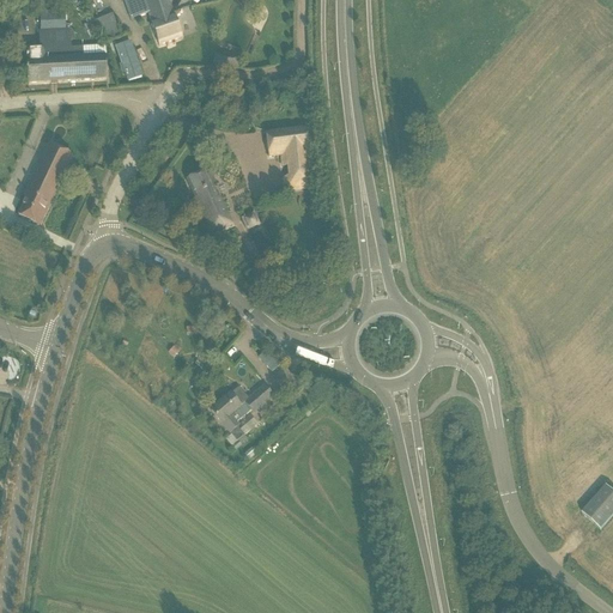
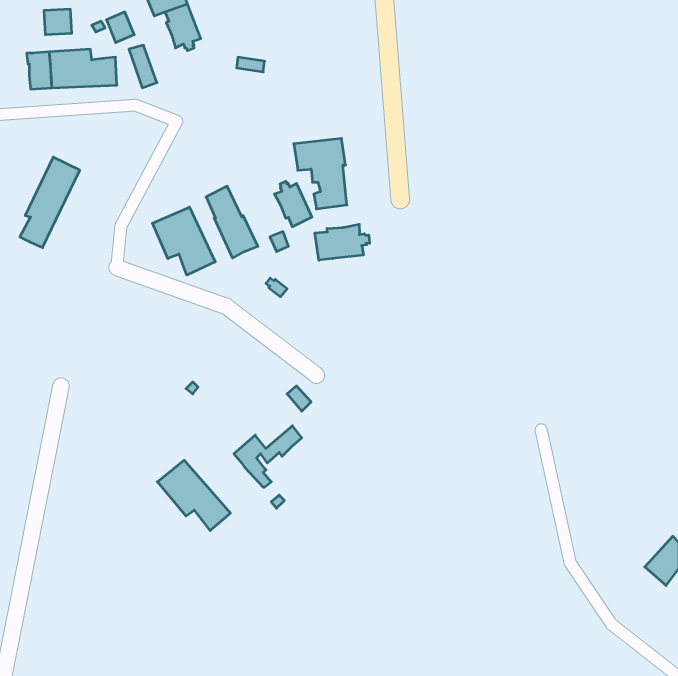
building: none -> [274,181,312,227]
building: none -> [152,207,215,275]
building: none -> [315,224,370,260]
building: none -> [157,460,230,531]

